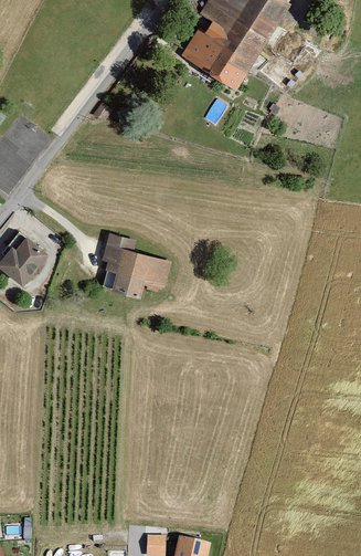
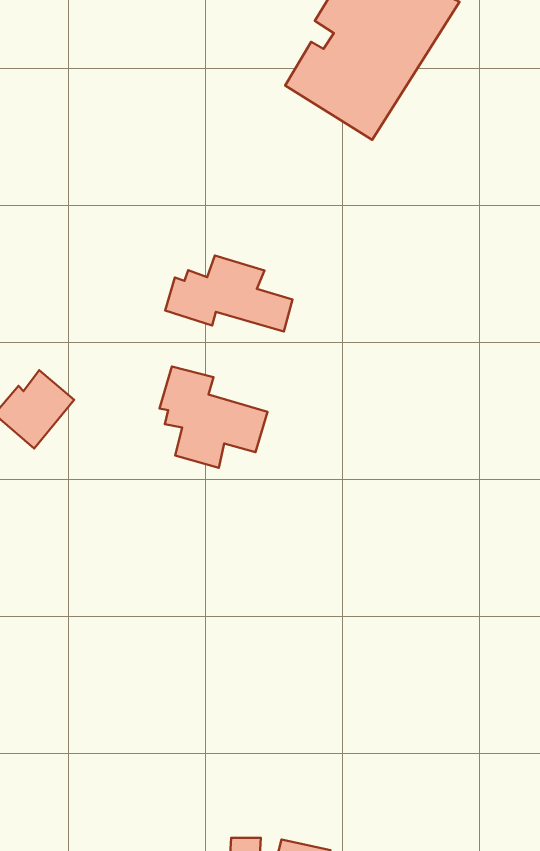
building: none -> [165,256,292,331]

